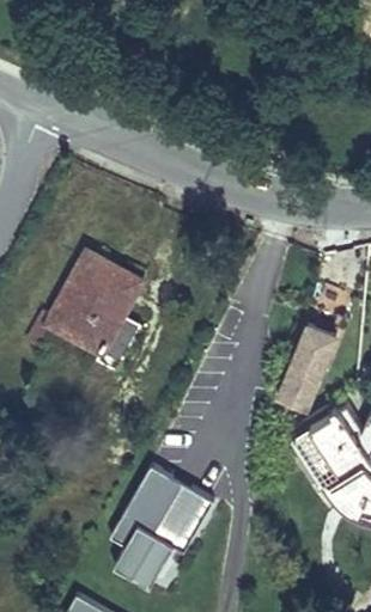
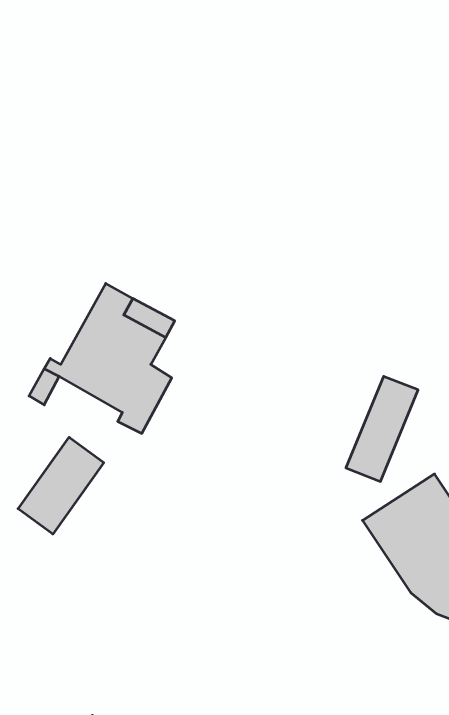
building: none -> [18,437,104,534]
building: [109,466,212,587] -> none

